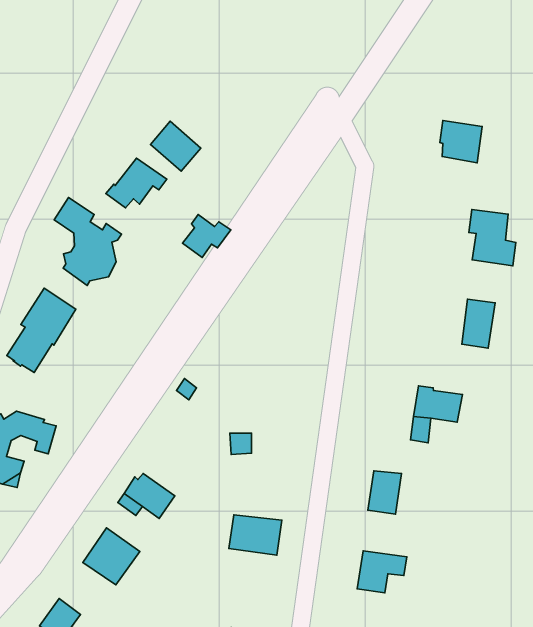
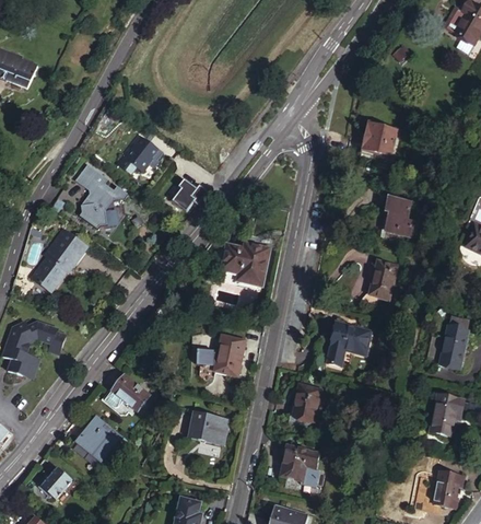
building: [150,121,201,171] -> none
building: none -> [220,248,269,290]
building: none -> [213,338,245,380]

